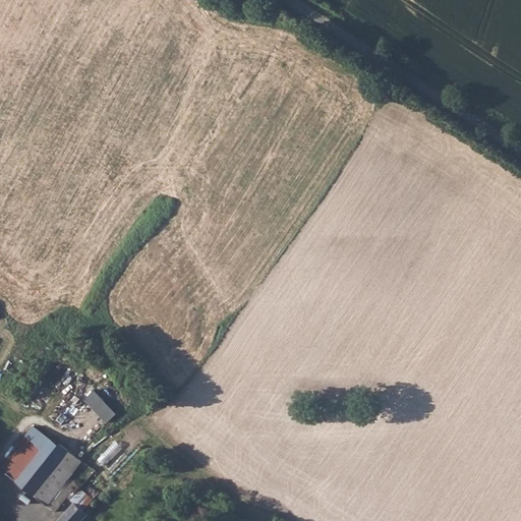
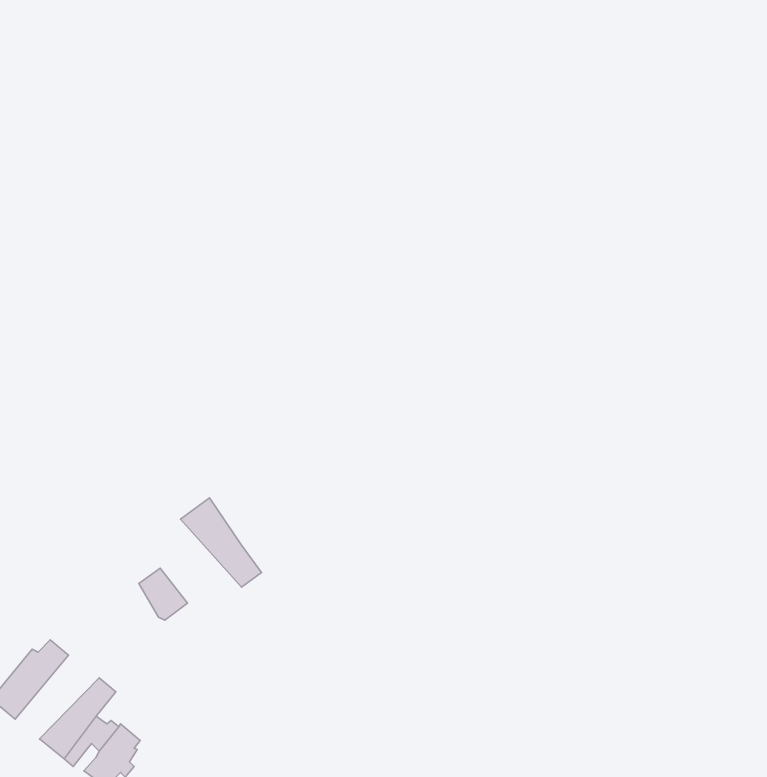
building: none -> [180,498,261,587]
building: [10,439,66,495] -> none

